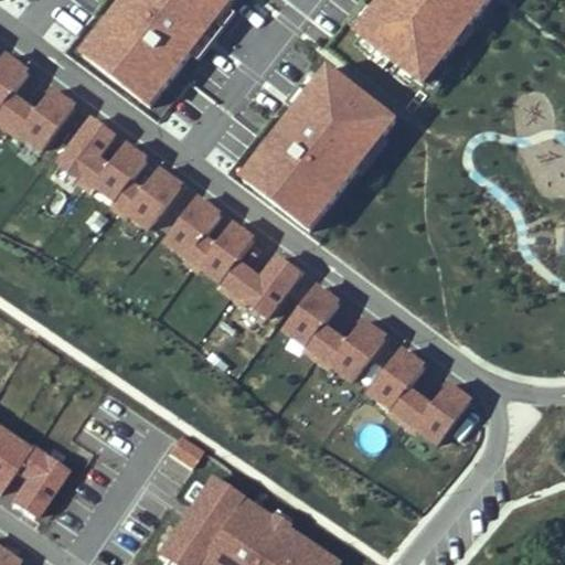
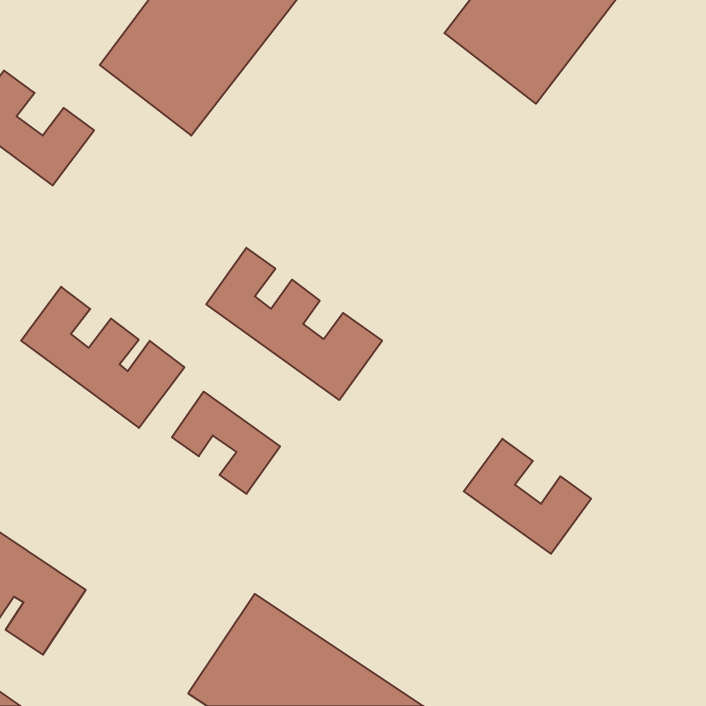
building: [238,61,398,230] -> none
building: [56,118,186,231] -> [21,287,184,428]
building: [282,288,384,380] -> none
building: none -> [172,392,280,494]

